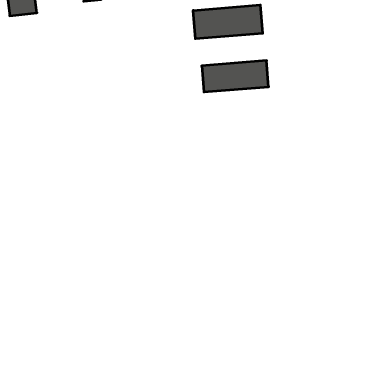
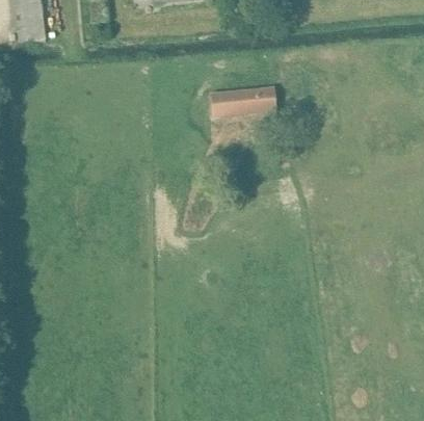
building: [193,5,263,39] -> none

